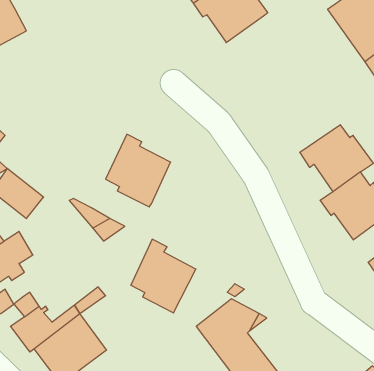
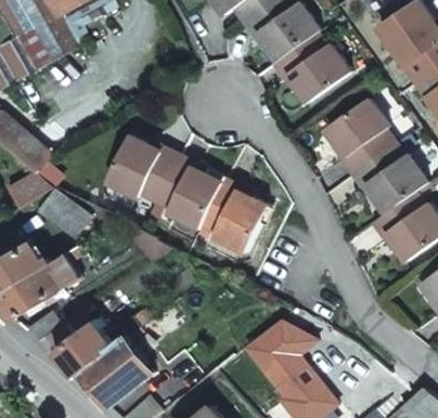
building: none -> [272,32,348,101]
building: none -> [324,97,391,171]
building: none -> [104,134,175,198]
building: [131,239,196,313] -> [199,177,266,251]

